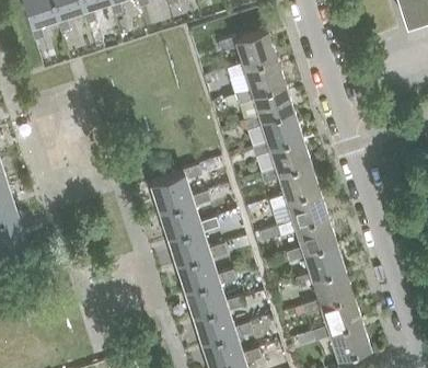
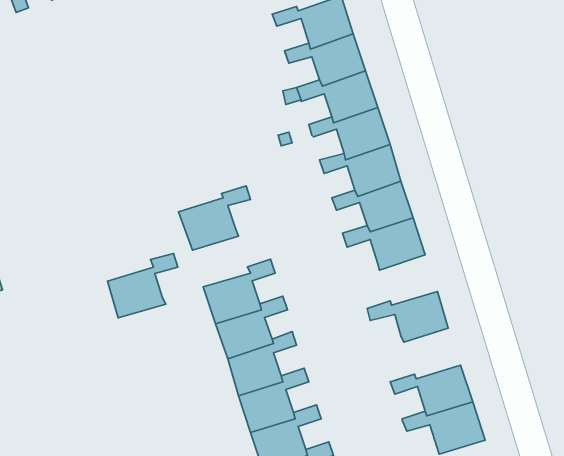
building: [161,195,211,241] -> [108,254,178,318]
building: [277,218,336,254] -> none
building: [293,271,352,307] -> none

